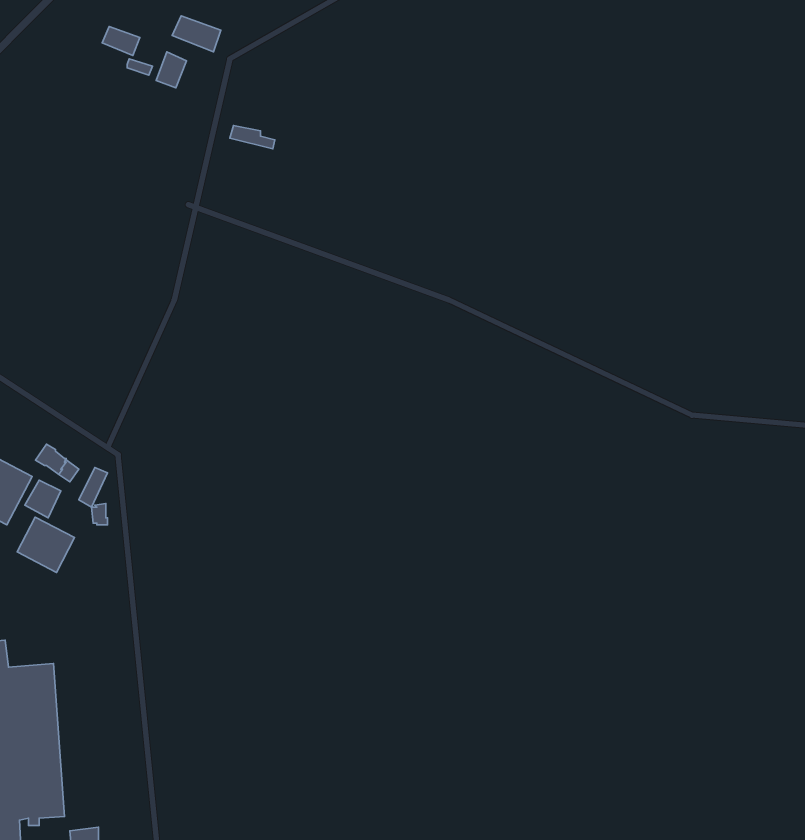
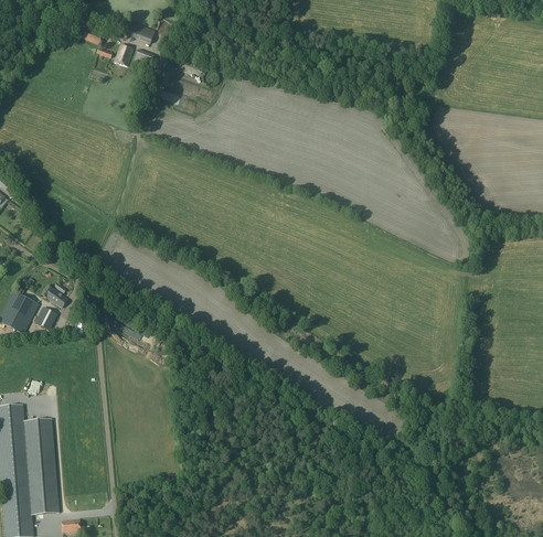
building: [17,517,74,572] -> none

